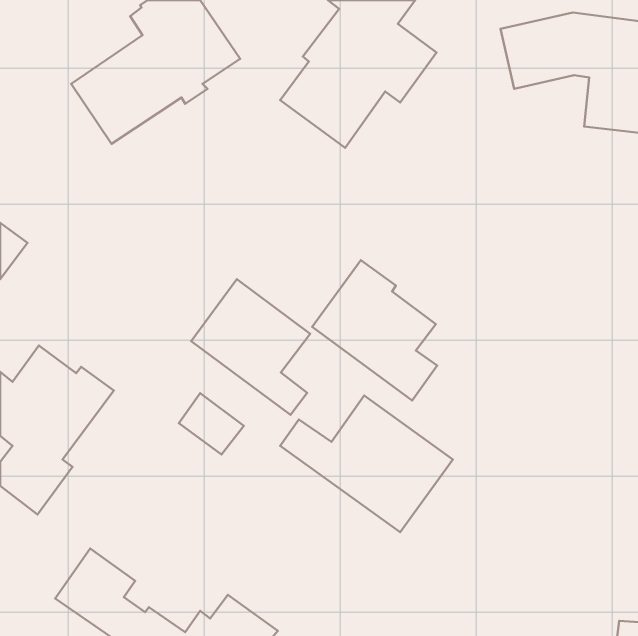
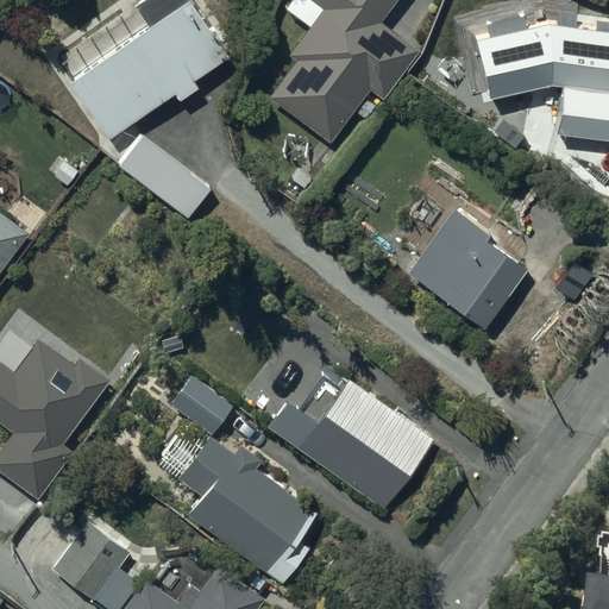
building: none -> [117,136,211,221]
building: [312,260,437,401] -> [408,211,527,344]
building: [191,279,310,415] -> none
building: none -> [177,437,319,586]

